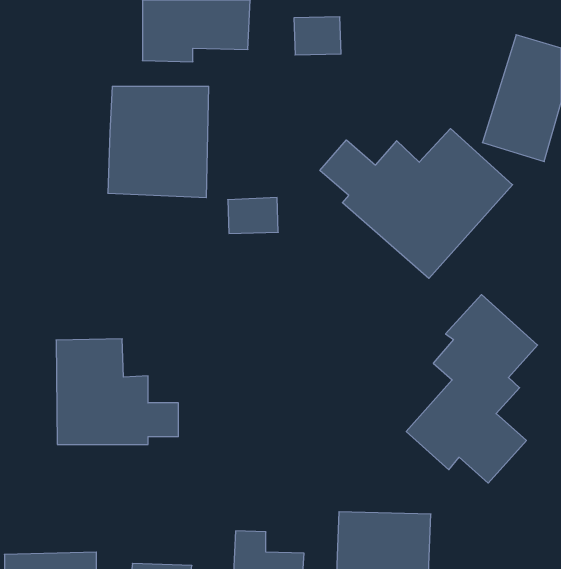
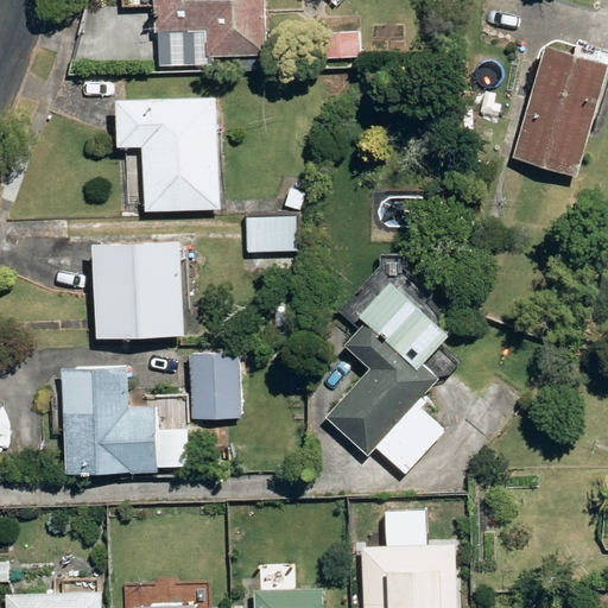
building: [320,129,513,278] -> none
building: none -> [96,240,185,337]
building: [406,295,538,483] -> [318,276,457,475]
building: none -> [185,353,236,418]

